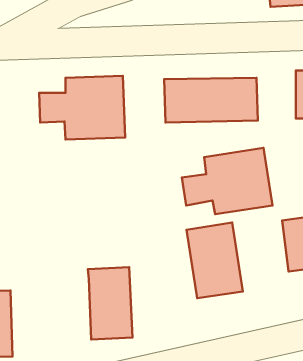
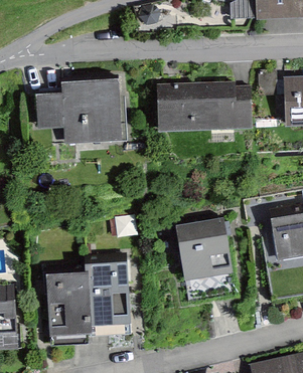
building: [182,148,272,214] -> none
building: none -> [48,272,90,341]

